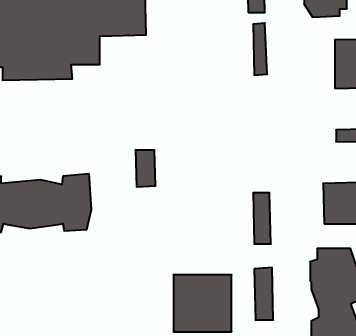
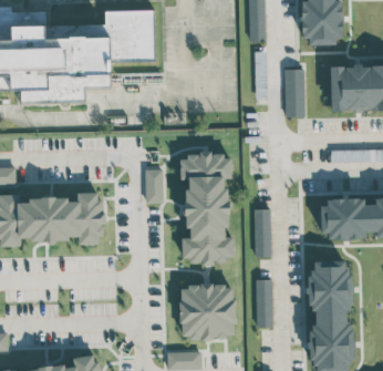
building: none -> [284,68,304,116]
building: none -> [179,151,235,264]

